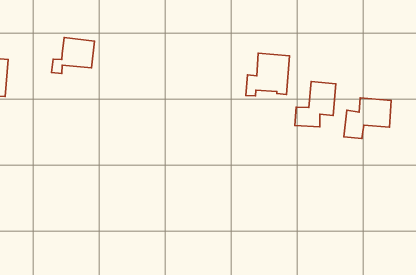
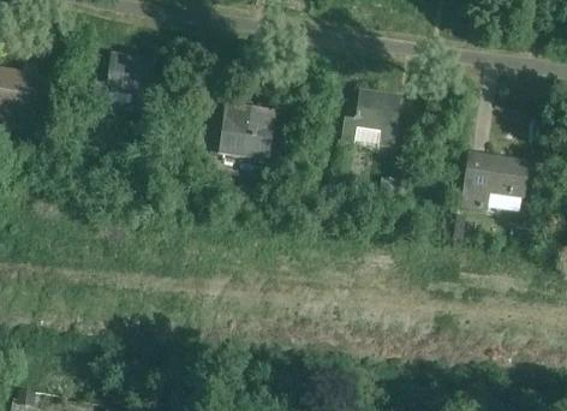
building: none -> [220,105,273,157]
building: [295,82,336,127] -> none

